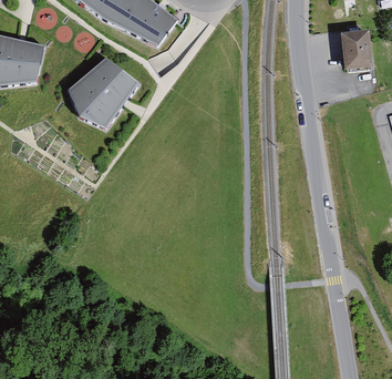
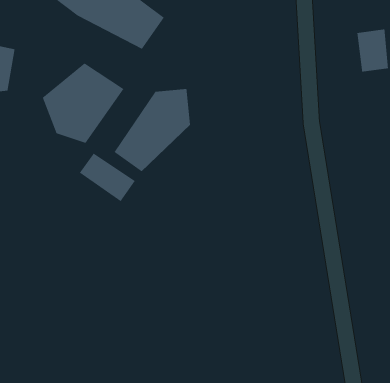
building: none -> [114,88,191,172]
building: none -> [79,152,136,202]

